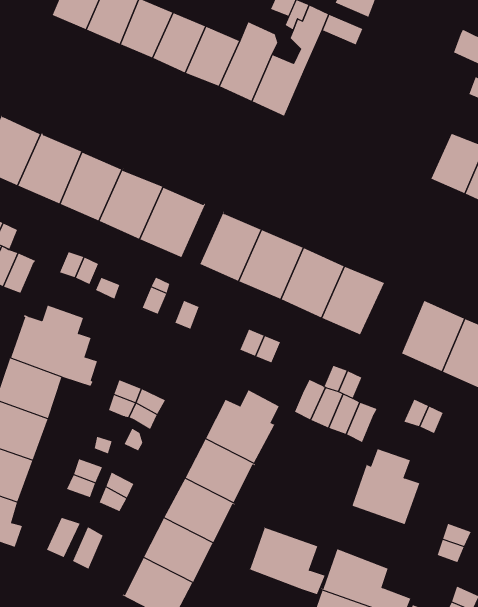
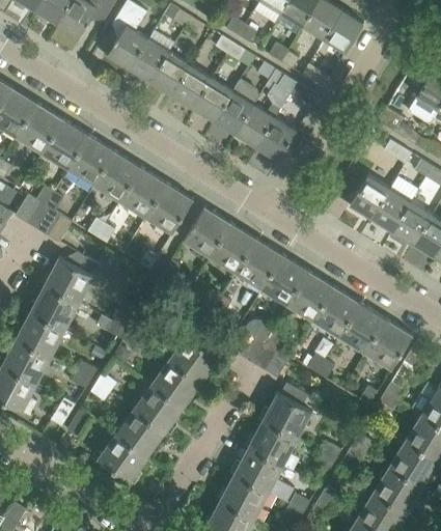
building: none -> [255,118,296,161]
building: none -> [285,272,332,322]
building: [248,527,325,595] -> [247,420,299,472]

